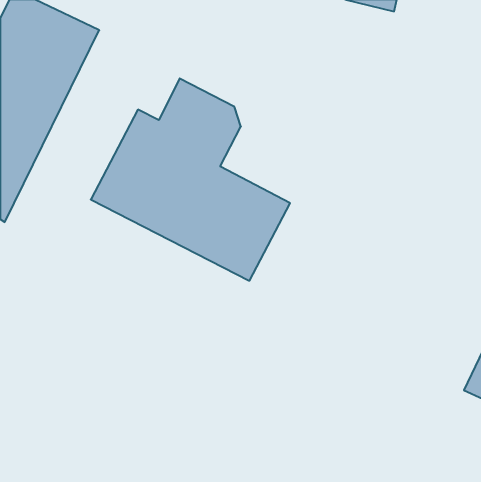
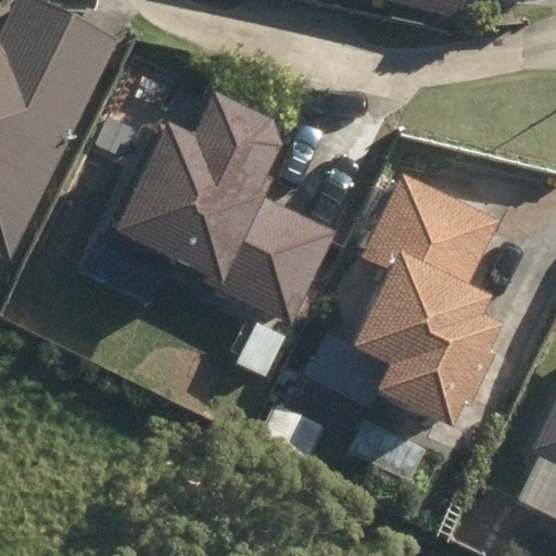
building: none -> [349,175,498,425]

